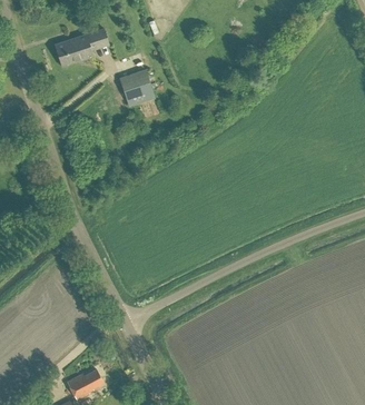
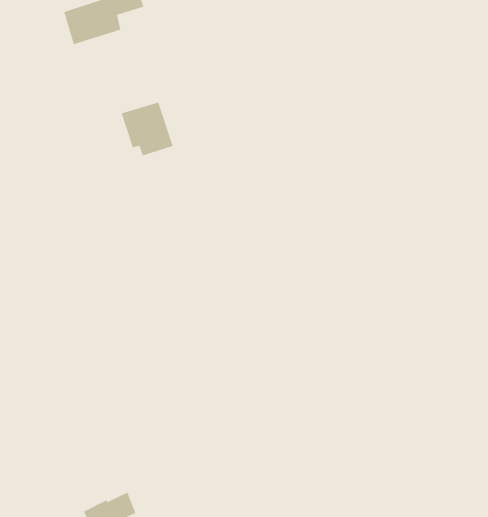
building: [119,69,155,106] -> [121,102,174,156]

